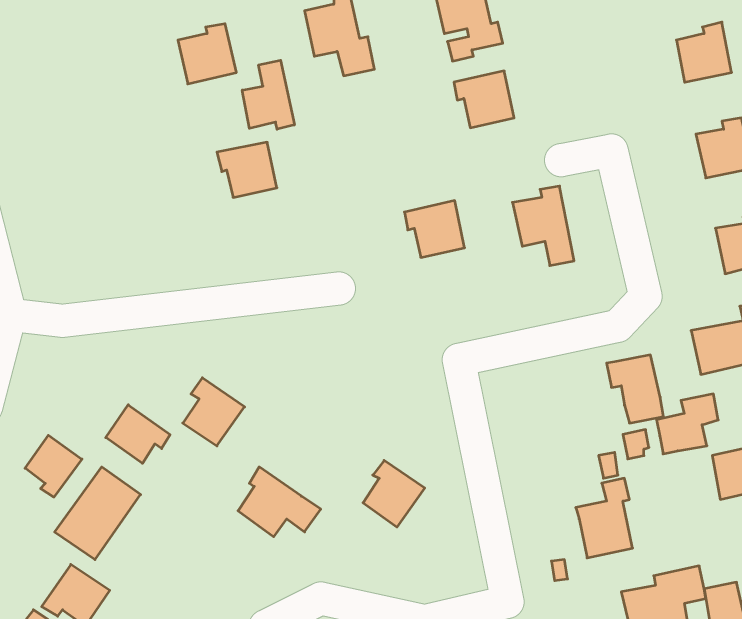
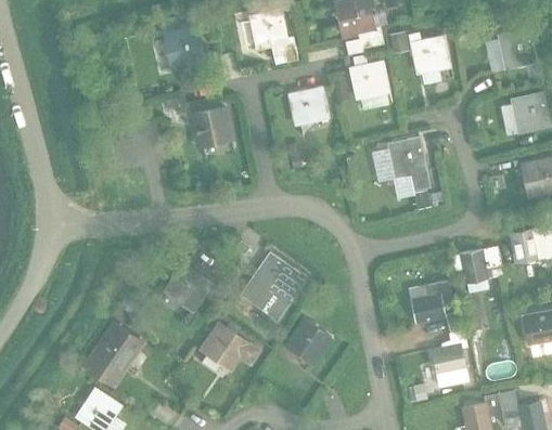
building: none -> [410,34,450,71]
building: [242,60,294,129] -> none
building: [404,201,465,257] -> [288,86,329,123]
building: none -> [244,253,301,317]
building: [657,394,718,454] -> [410,282,451,322]
building: [106,405,170,463] -> none
building: [25,435,82,497] -> none

